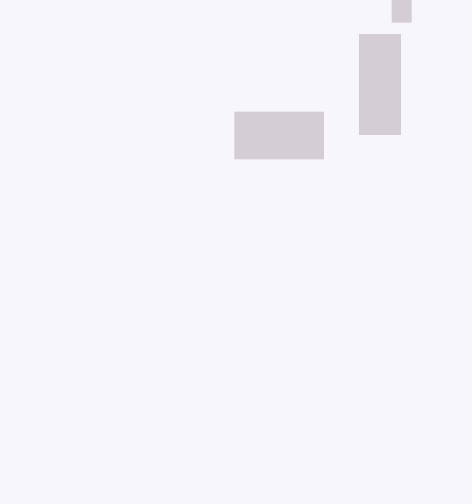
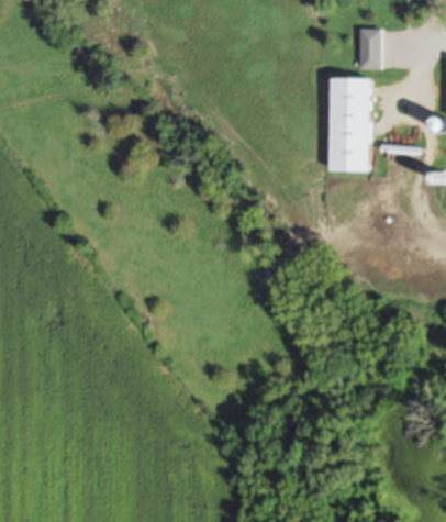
building: [233,111,325,160] -> none

